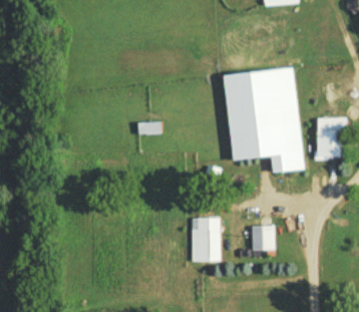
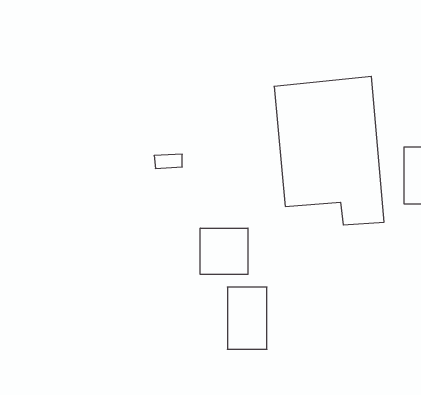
building: none -> [200,228,248,274]
building: [252,226,274,249] -> none

